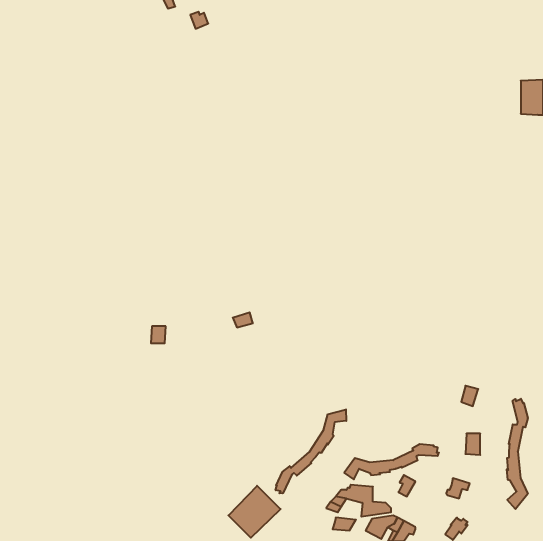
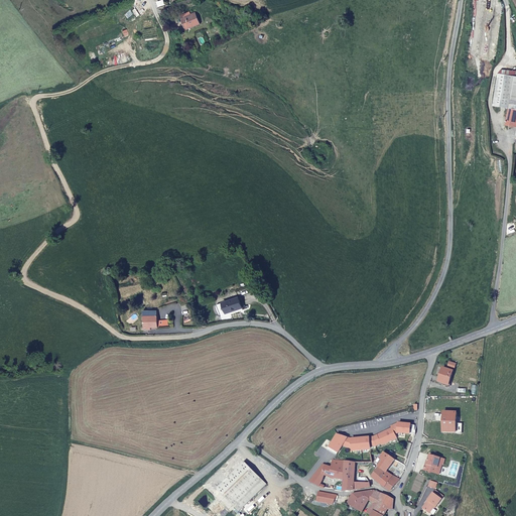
building: [507,399,528,509] -> none
building: [276,409,346,493] -> none
building: none -> [371,458,399,490]

